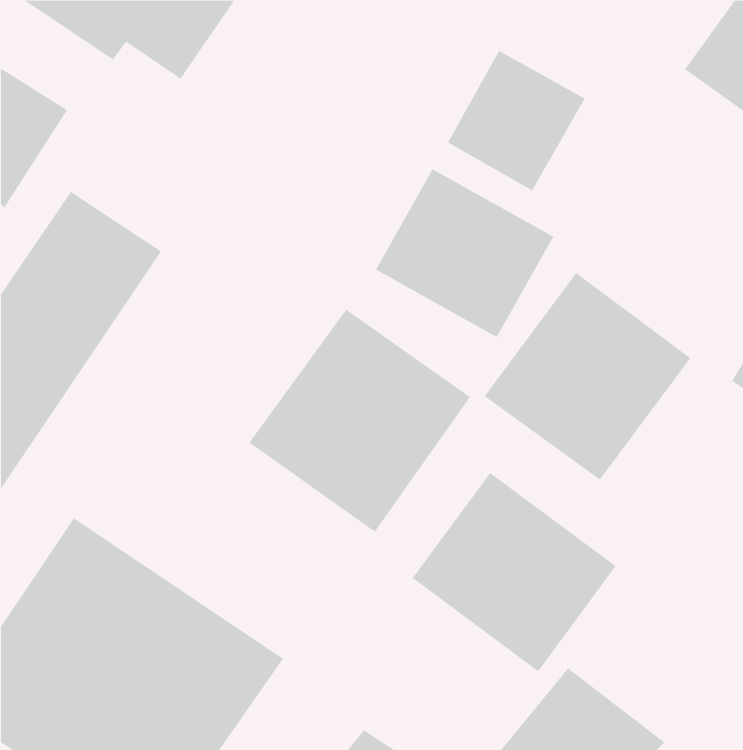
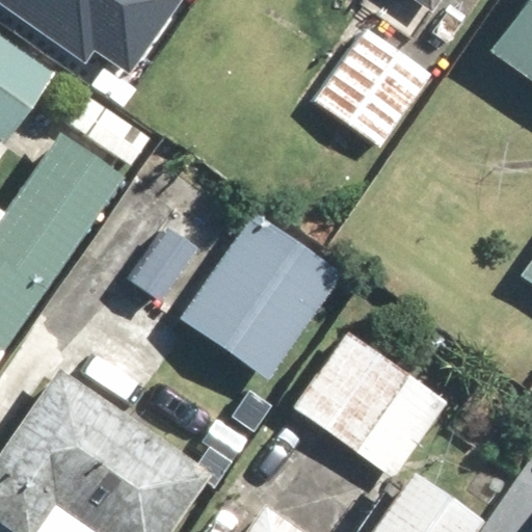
building: [375,168,554,338] -> none
building: [484,272,691,480] -> none

